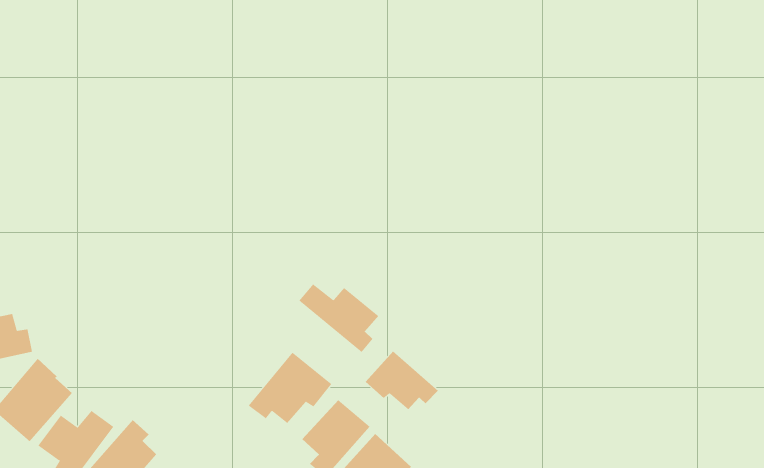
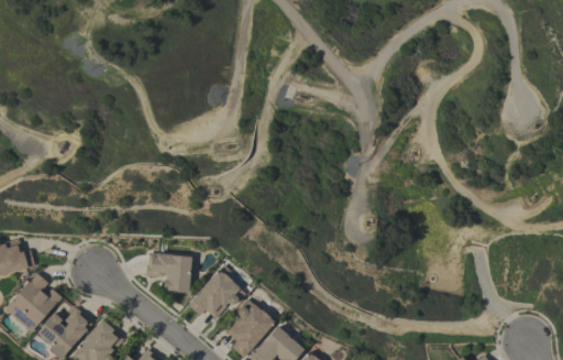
building: [299,284,379,353] -> none
building: none -> [148,254,191,293]
building: [365,350,439,410] -> none

